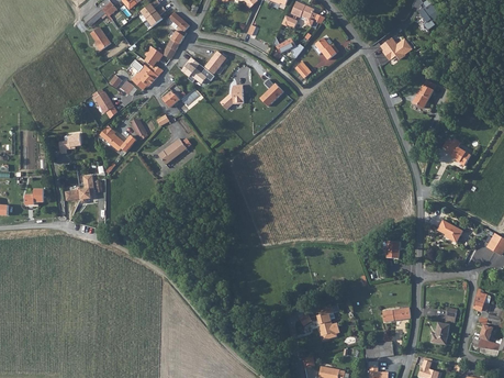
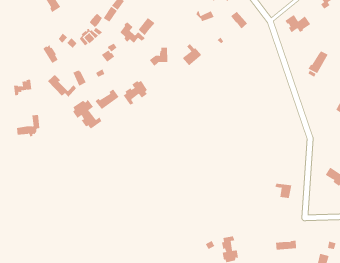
building: none -> [123,80,148,105]
building: none -> [72,99,102,130]

